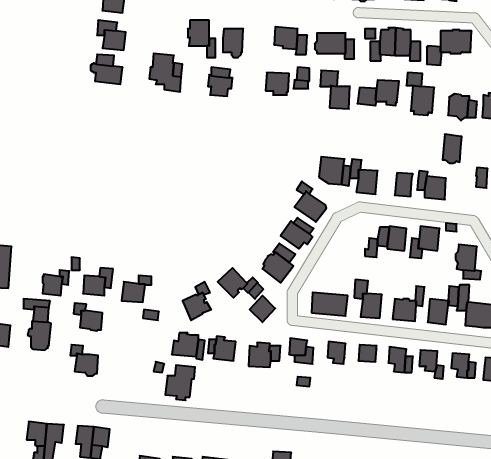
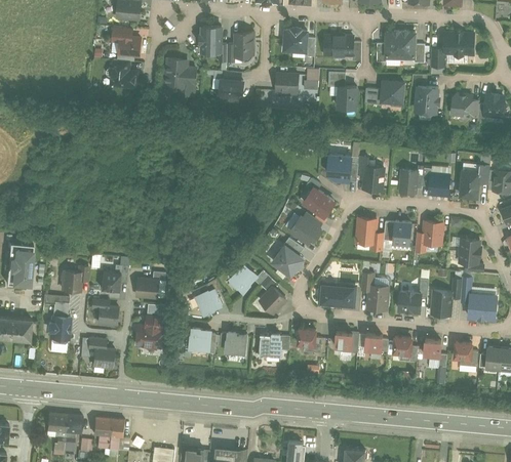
building: [443,134,462,163] -> [460,172,478,200]
building: none -> [356,219,376,245]
building: [165,365,195,400] -> [136,313,165,347]

